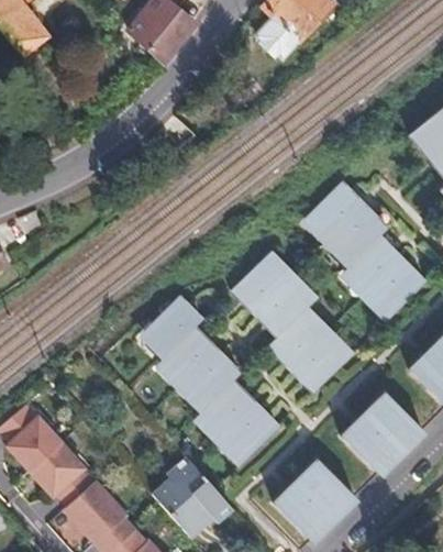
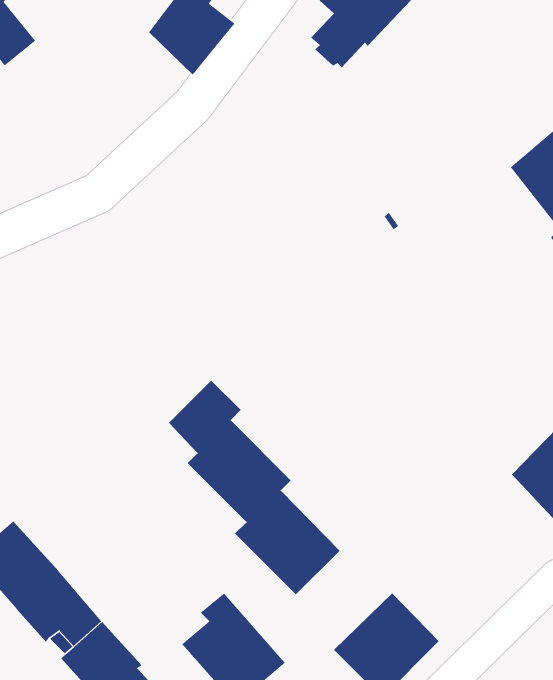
building: [306,181,424,314] -> none
building: [231,256,346,391] -> none
building: [340,393,421,473] -> none

